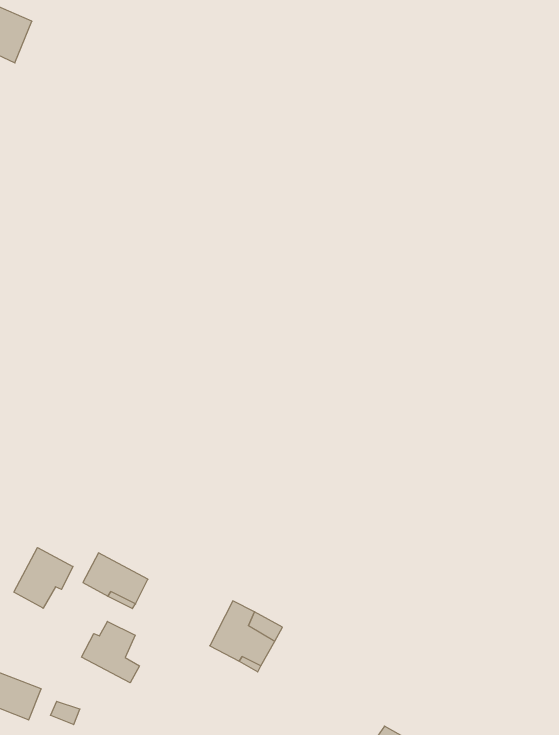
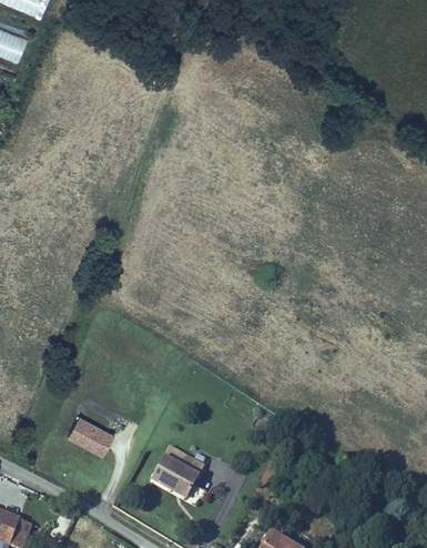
building: [14,548,73,608] -> none
building: [82,621,139,683] -> none

